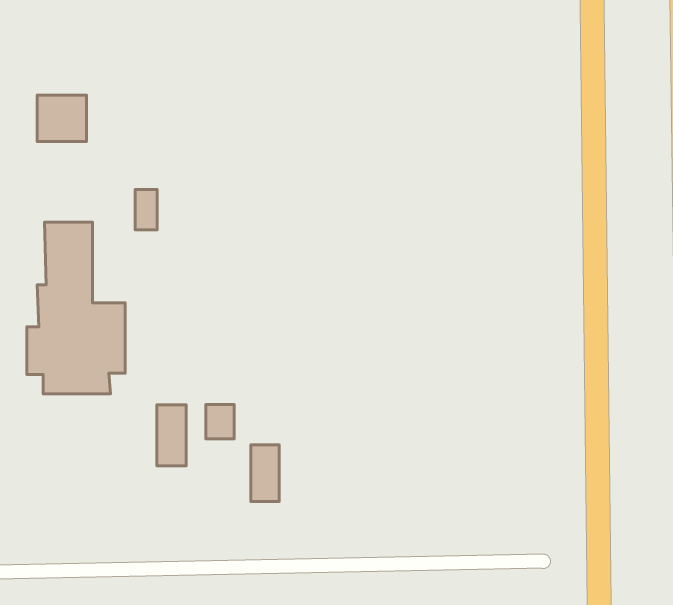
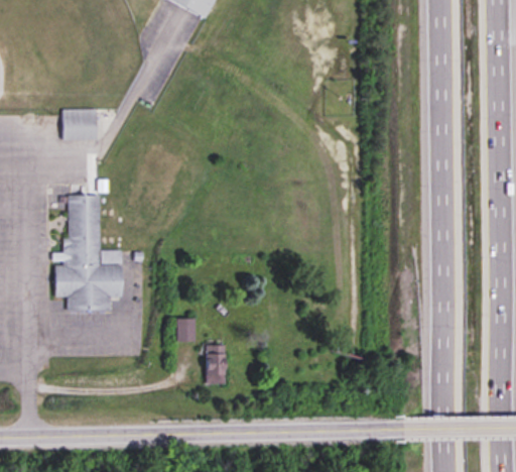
building: [135,189,157,230] -> none
building: [157,405,186,466] -> none

